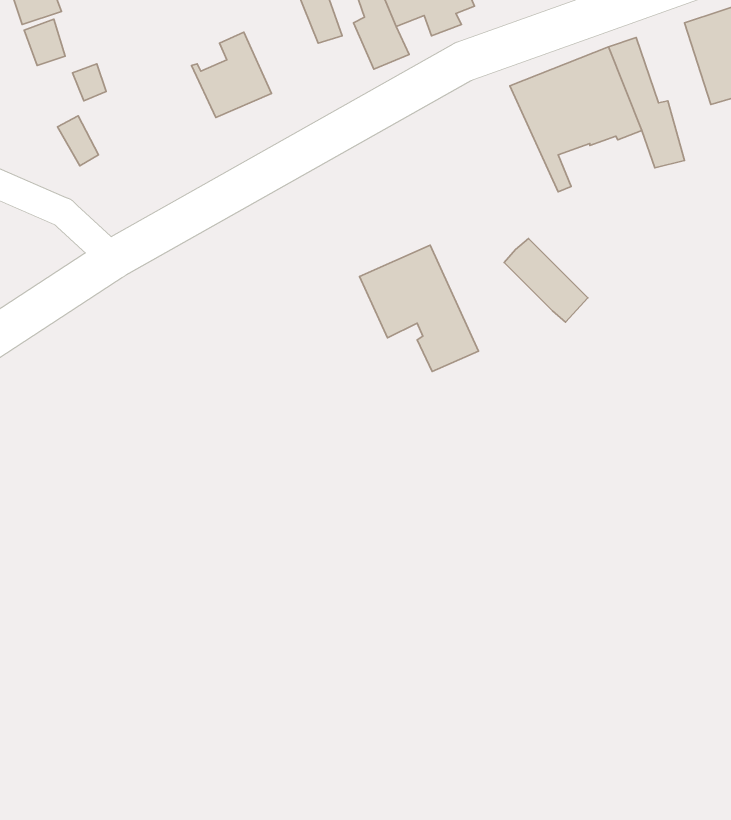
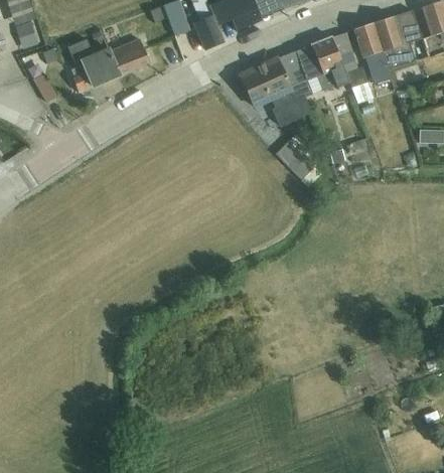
building: none -> [353,23,392,84]
building: none -> [68,38,120,92]
building: [360,245,479,371] -> [241,57,305,126]

